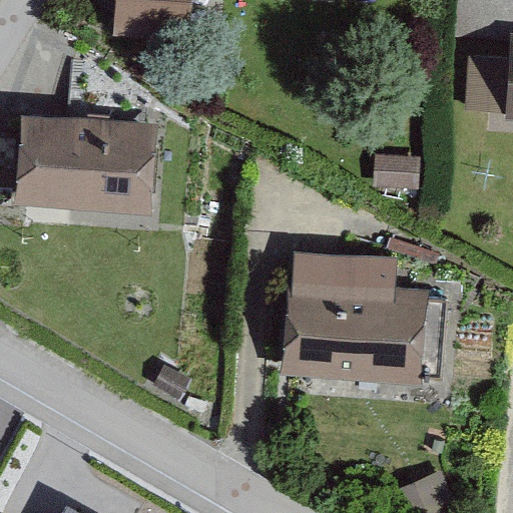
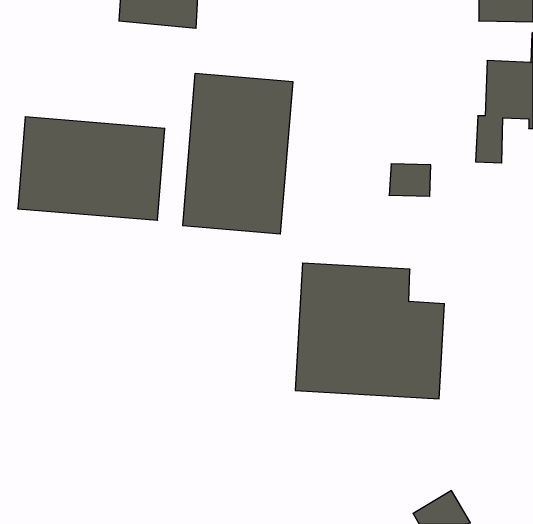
building: none -> [183,73,293,234]

